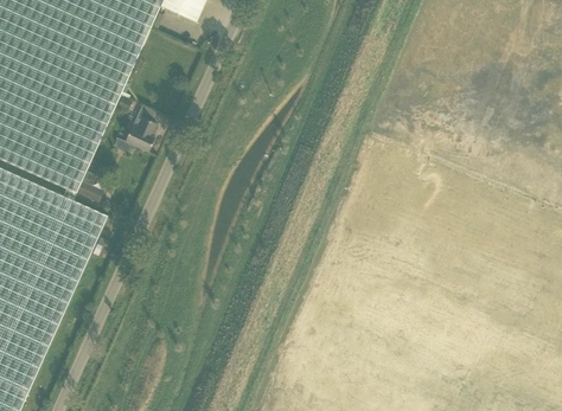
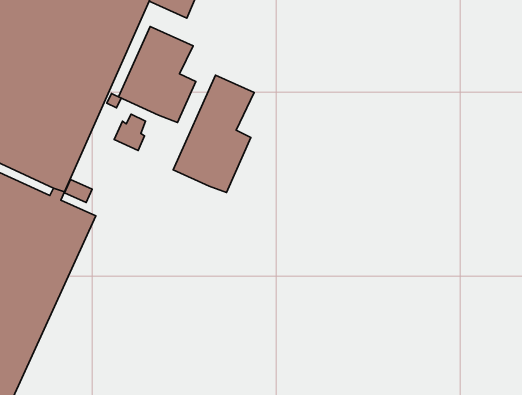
building: none -> [119,26,196,122]
building: none -> [173,75,254,192]

